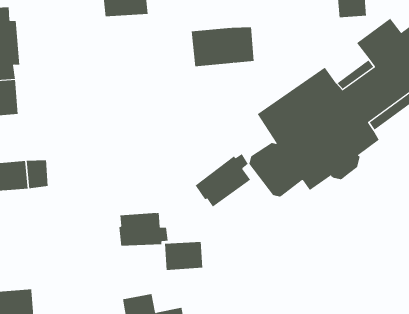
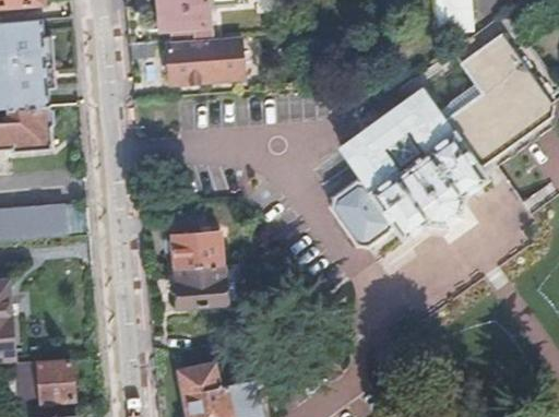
building: [191,27,255,67] -> [166,37,242,85]
building: [195,153,251,208] -> none
building: [164,242,203,271] -> [171,235,218,270]

